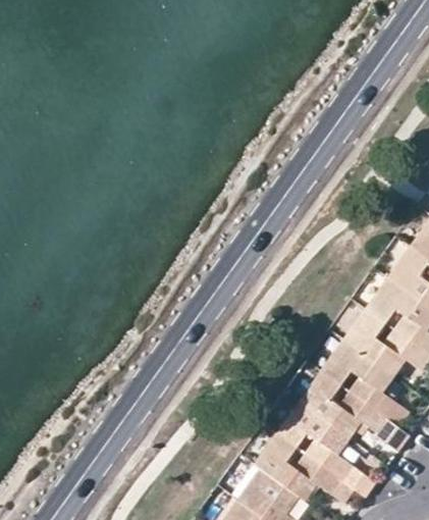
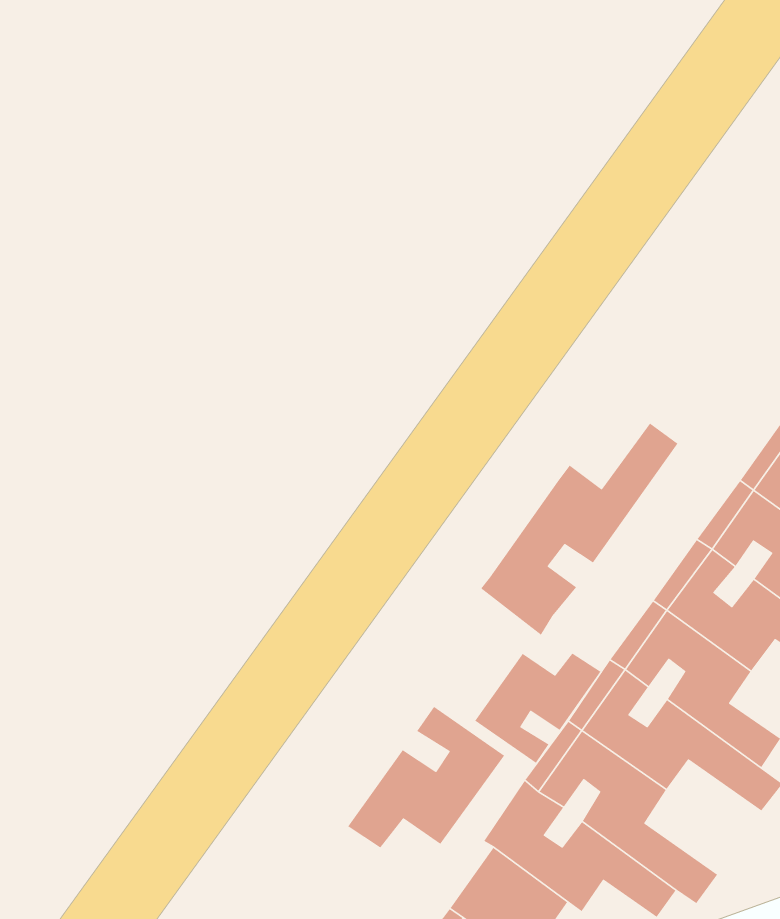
building: none -> [480,423,679,636]
building: none -> [474,652,601,764]
building: none -> [347,706,505,849]

